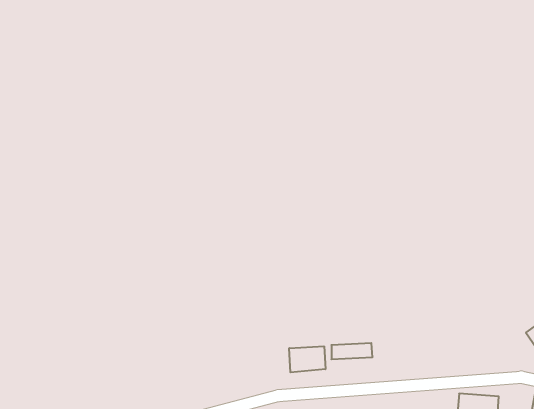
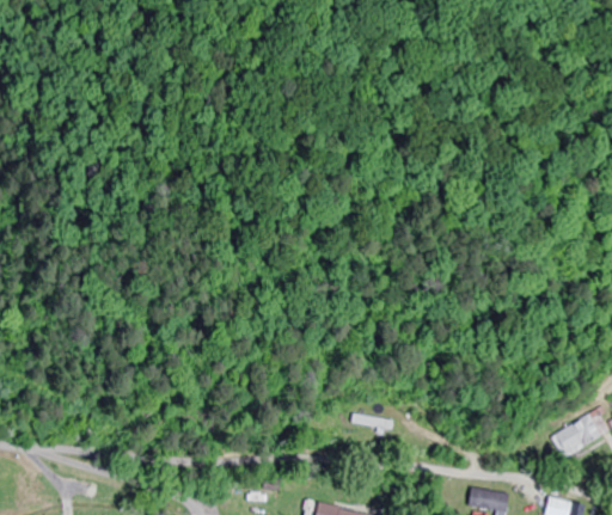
building: [289,346,325,372] -> none

